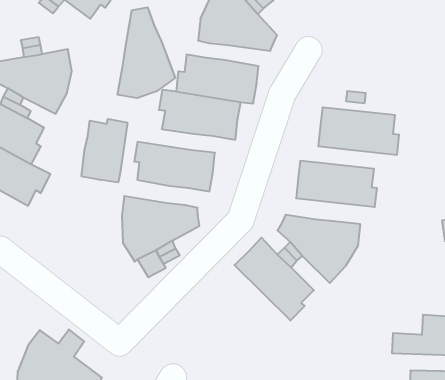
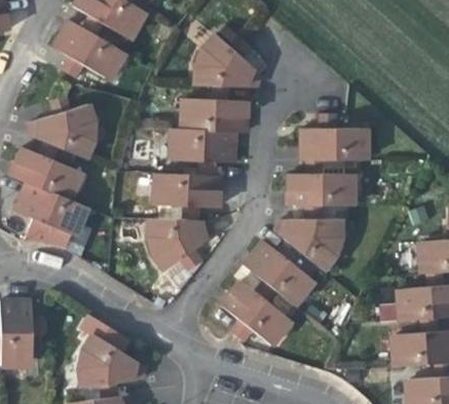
building: [118,7,175,98] -> none
building: [81,119,127,182] -> none
building: none -> [213,274,283,336]

